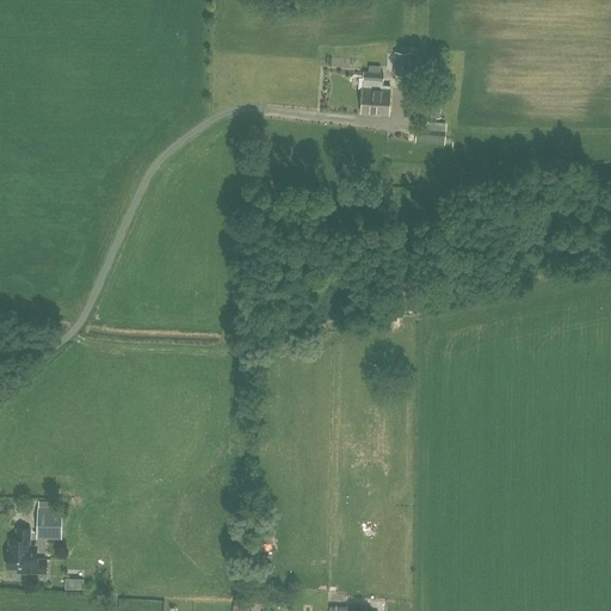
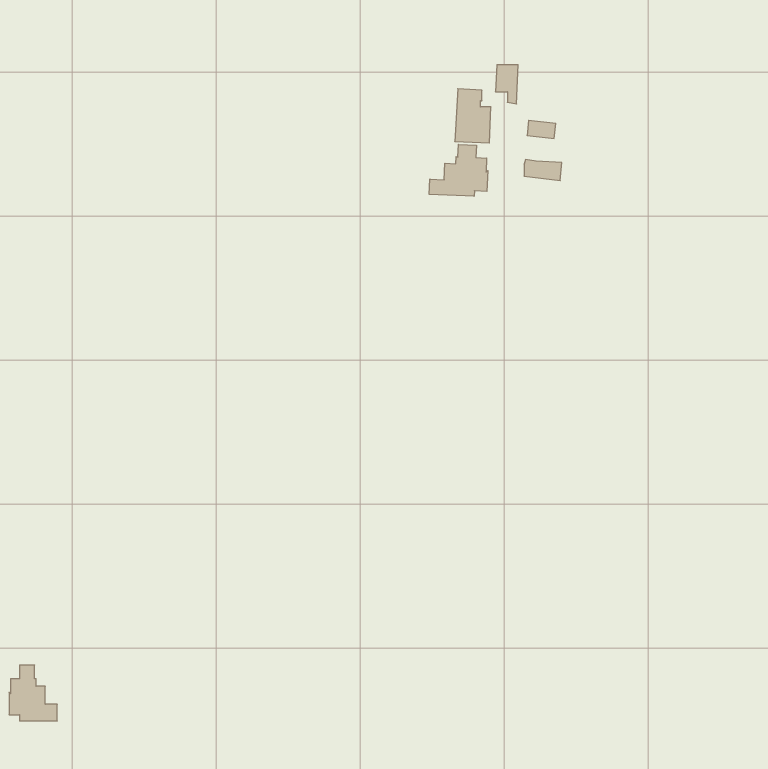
building: none -> [429,144,488,196]
building: [36,507,61,538] -> none

